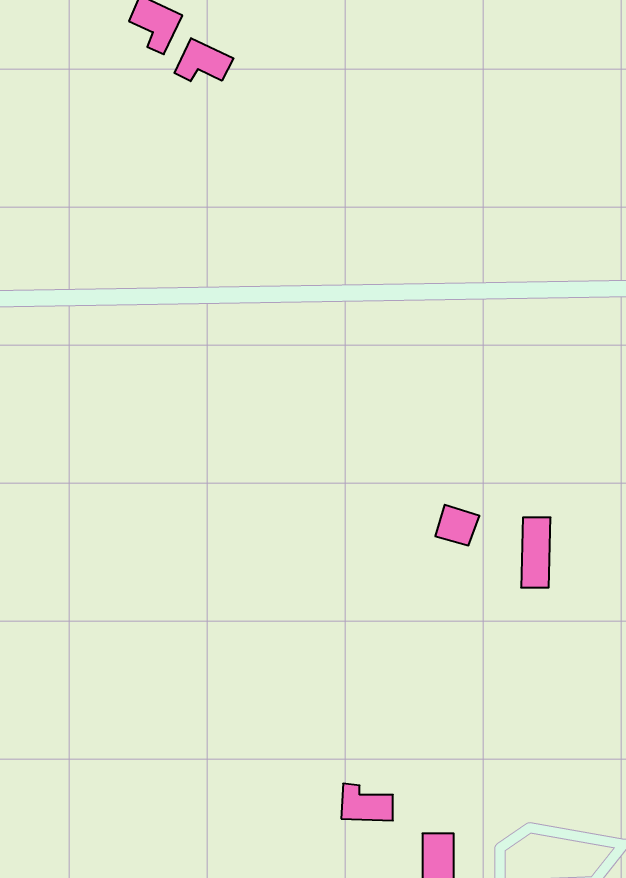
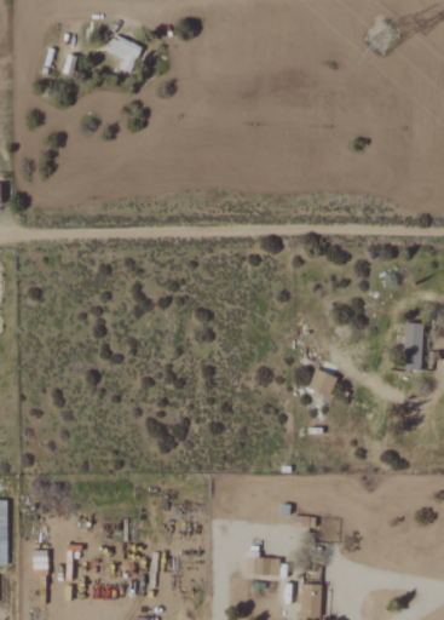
building: [174,38,234,81] -> none
building: [521,517,551,588] -> [404,322,423,368]

